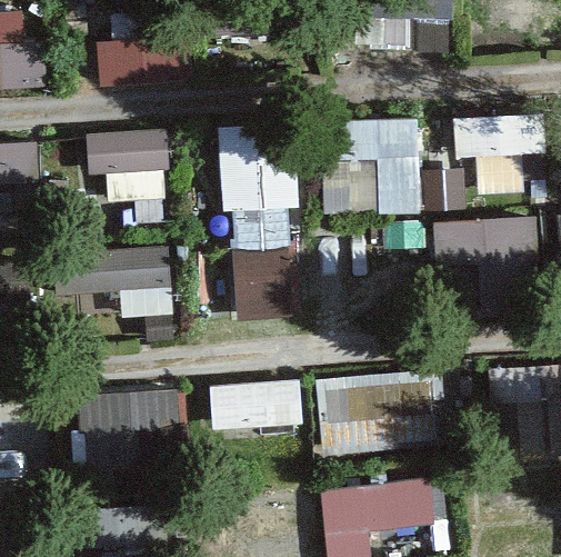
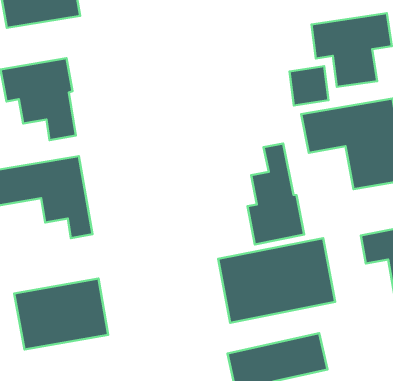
building: [319,119,418,213] -> none
building: [216,121,301,318] -> none
building: none -> [248,143,304,244]
building: [208,378,302,430] -> none

